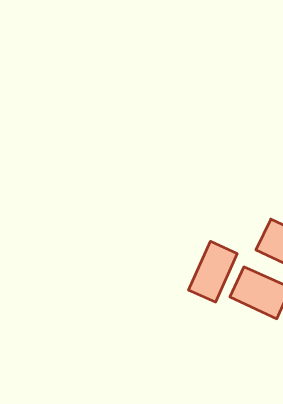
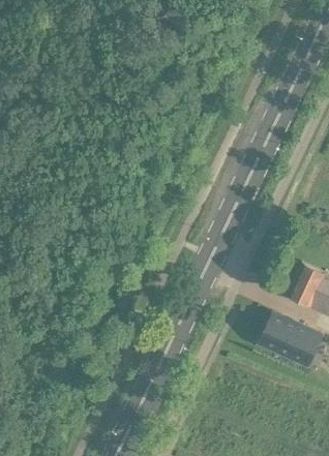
building: [189,241,237,302] -> none

